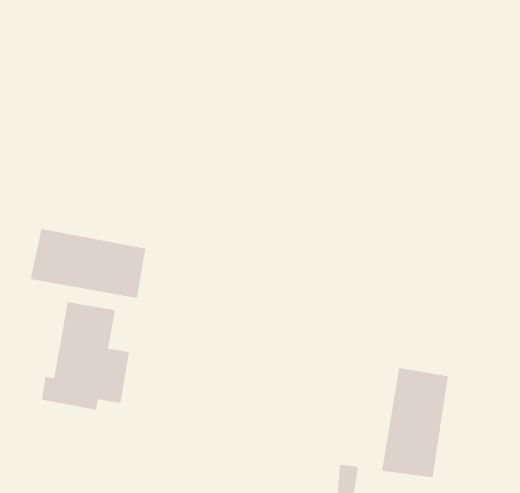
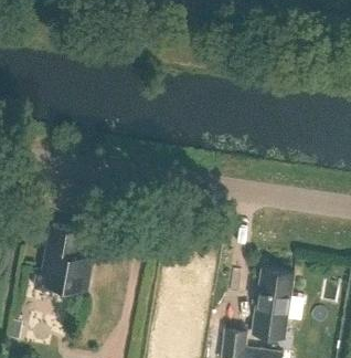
building: [30,228,146,299] -> none

